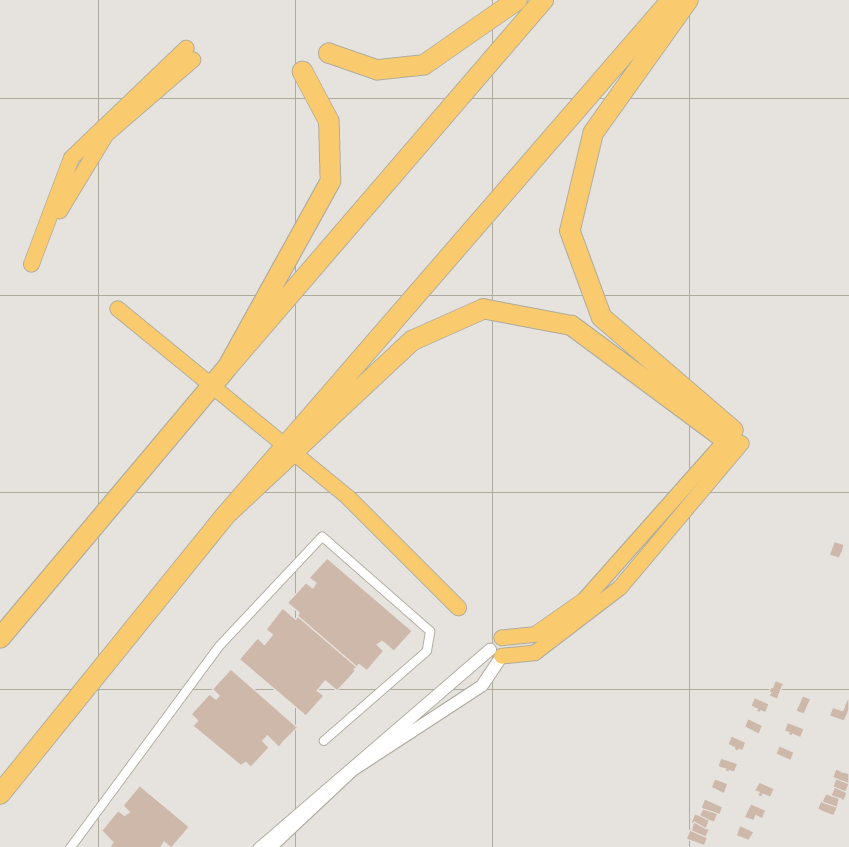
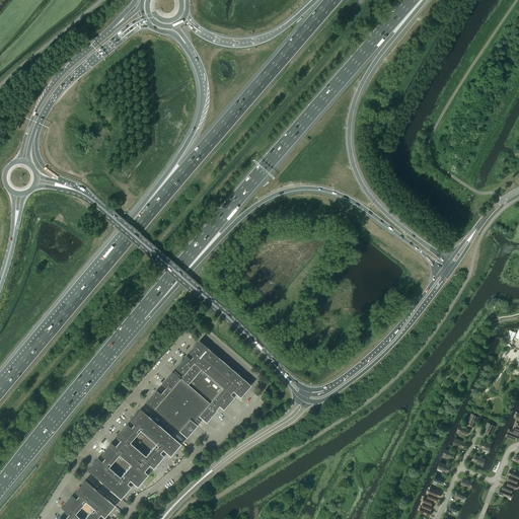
building: none -> [87,443,148,500]

